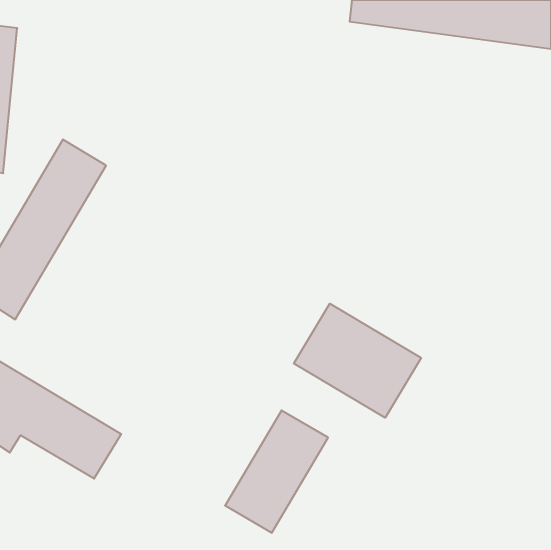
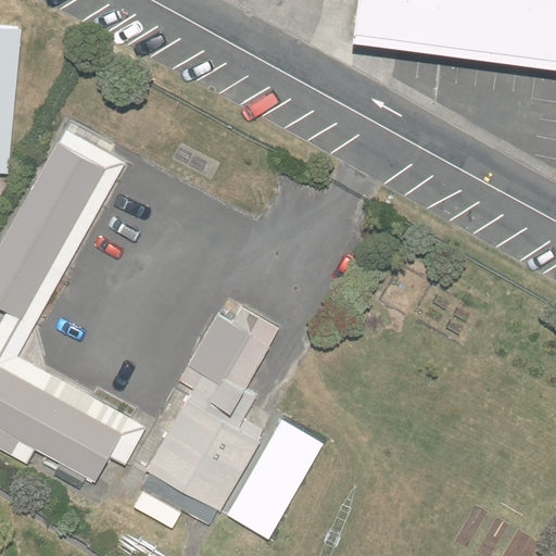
building: [294,304,421,418] -> none
building: none -> [136,311,274,522]

